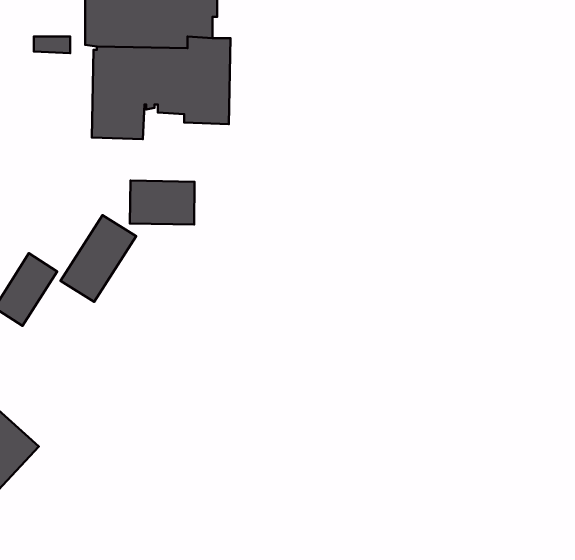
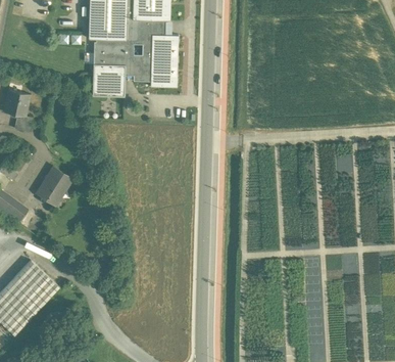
building: [130,181,195,225] -> none
building: [61,215,136,302] -> none

